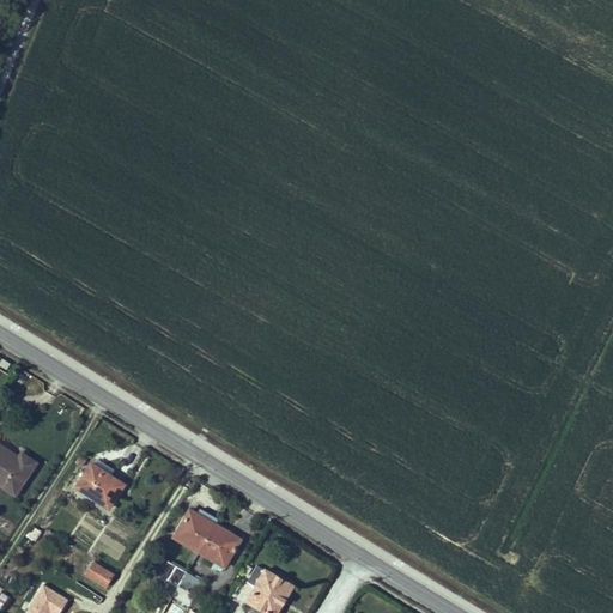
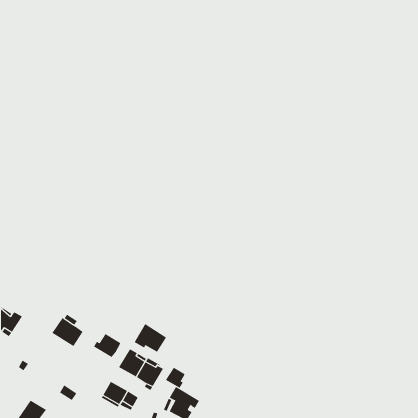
building: none -> [134,323,167,353]
building: none -> [93,333,121,358]
building: none -> [165,367,186,389]

